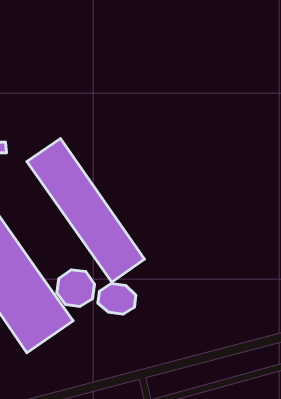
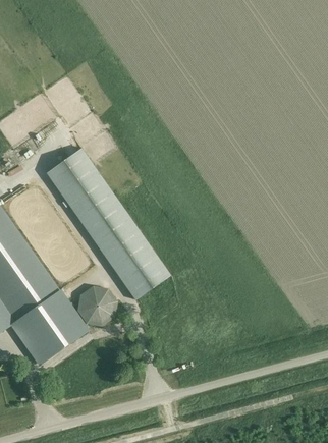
building: [98,283,136,314] -> none

